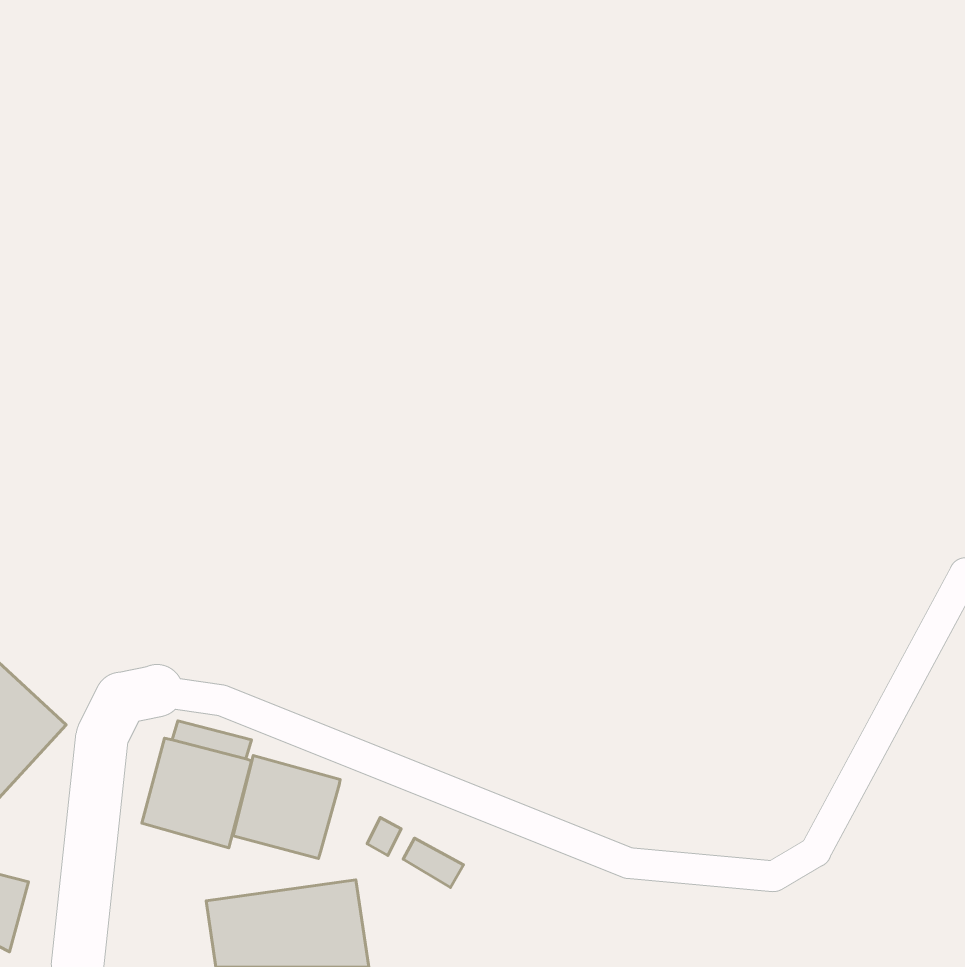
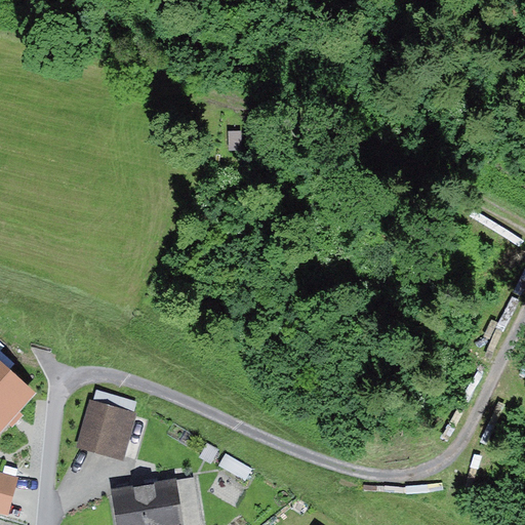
building: [233,756,340,859] -> none

